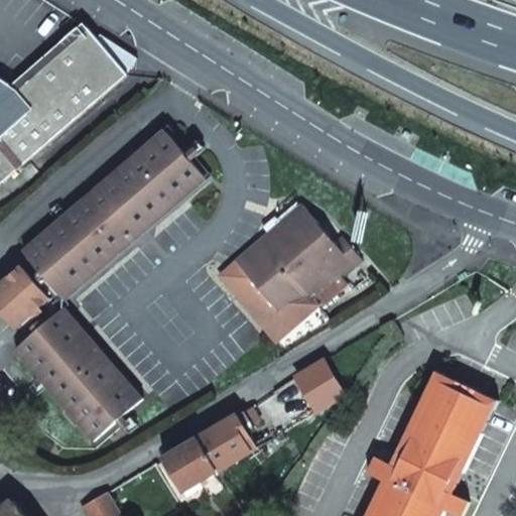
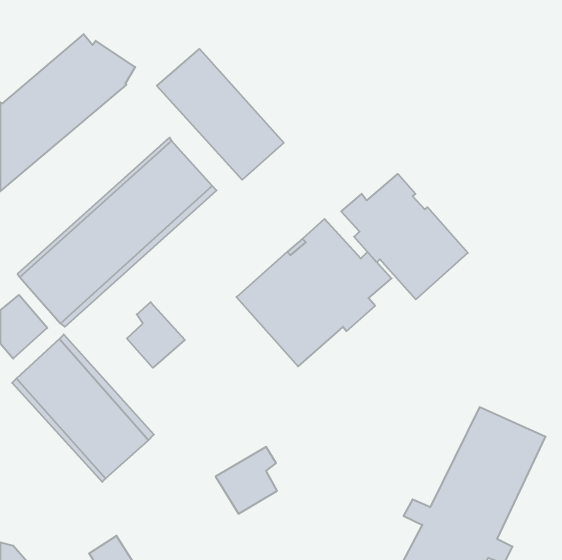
building: none -> [157,49,284,180]
building: none -> [341,174,468,299]
building: none -> [127,302,185,368]
building: [293,363,343,416] -> none
building: [162,438,219,494] -> none

